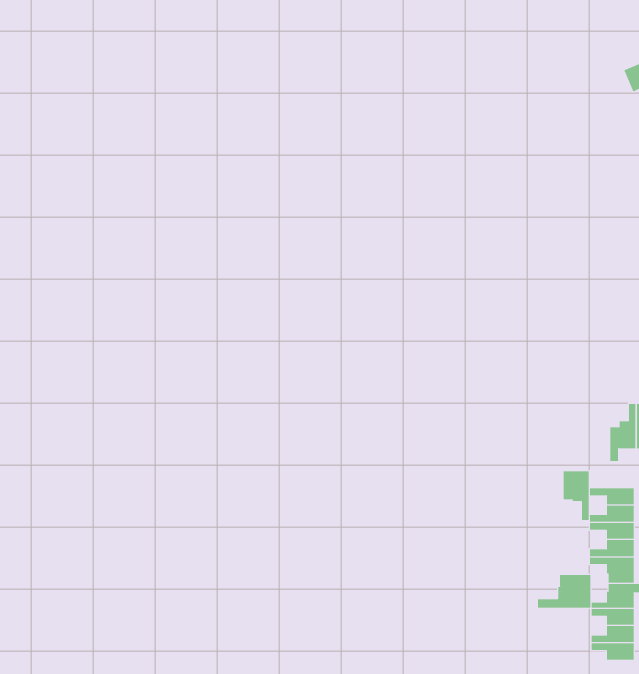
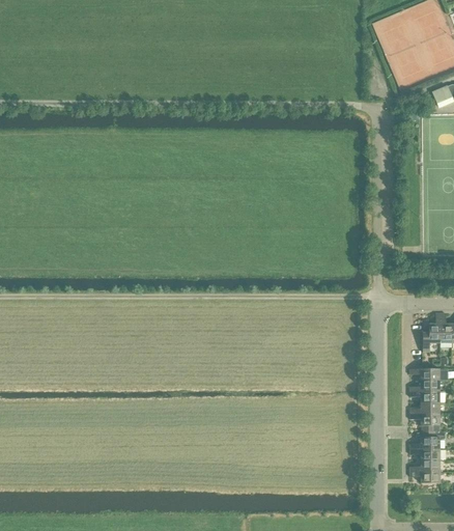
building: [563,471,589,521] -> none
building: [538,574,591,608] -> none

